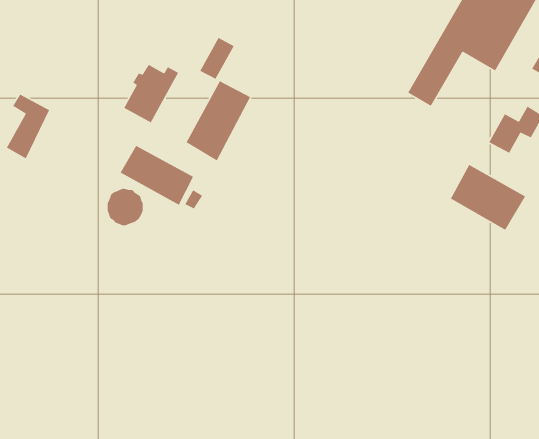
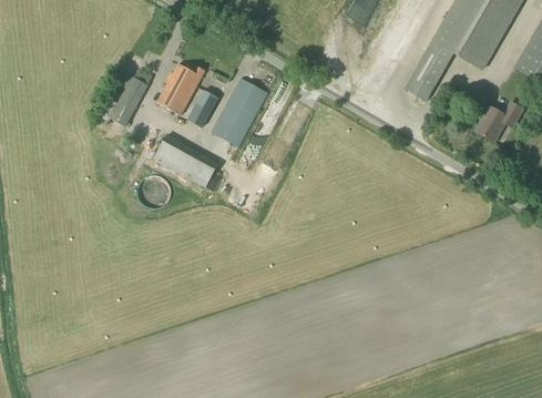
building: [199,37,235,80] -> [187,90,218,127]
building: [6,93,50,159] -> [109,70,147,127]
building: [450,164,526,231] -> none

